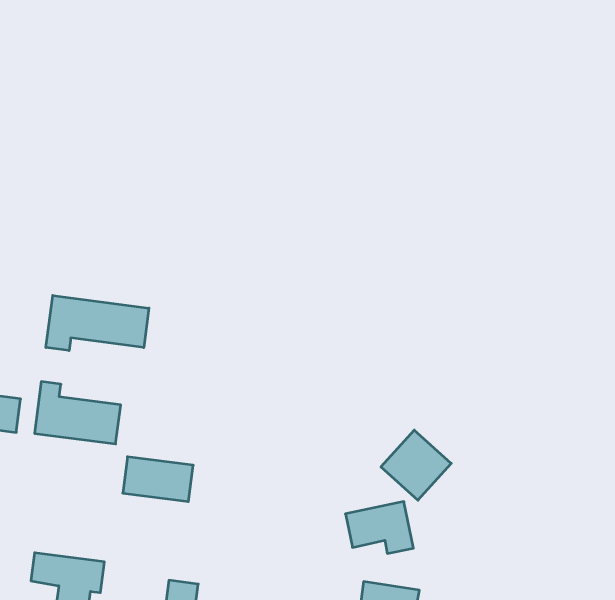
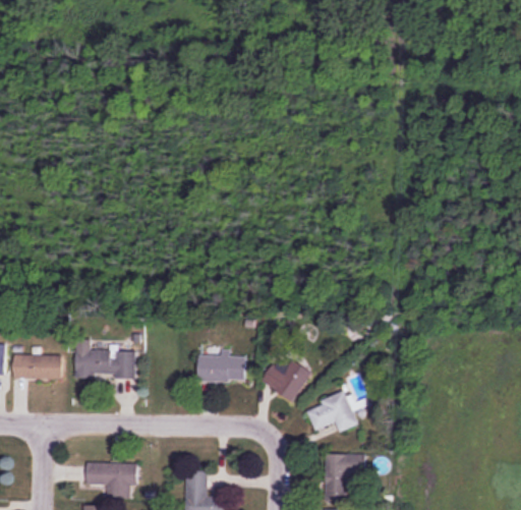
building: [46,295,149,351] -> none
building: [381,430,451,500] -> [262,351,311,401]
building: [123,457,193,502] -> [197,354,245,381]

